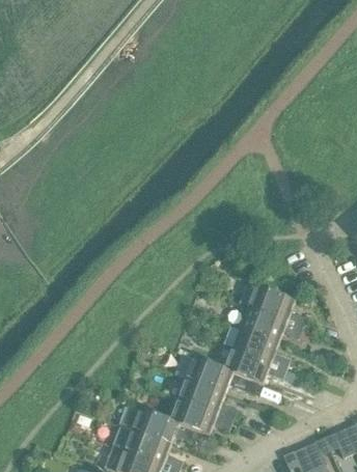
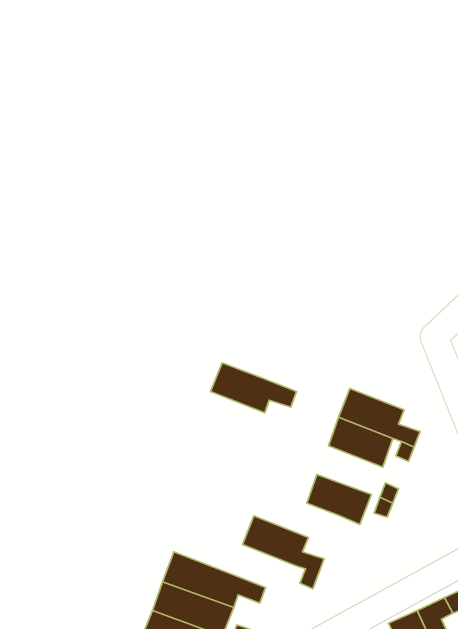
building: [231,328,279,363] -> none
building: [186,358,248,394] -> [211,363,296,413]
building: [170,399,217,436] -> none

